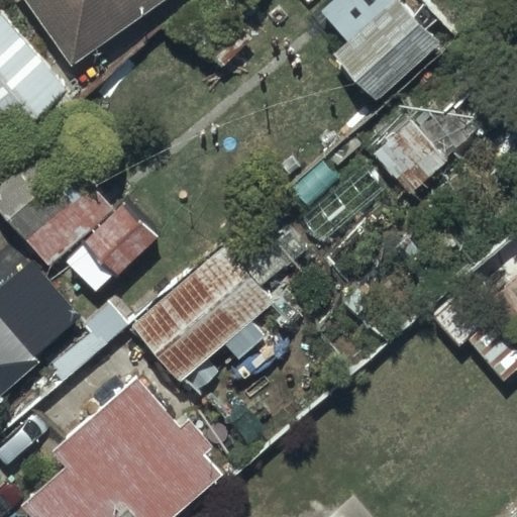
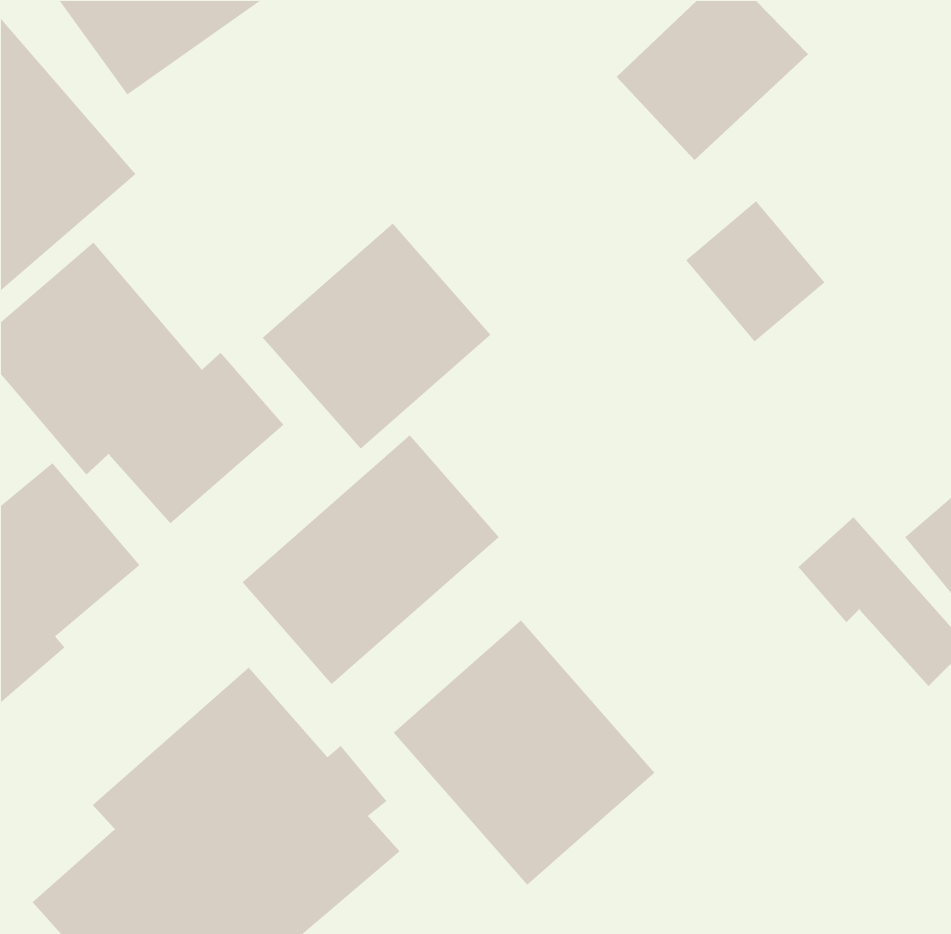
building: none -> [262,223,492,450]
building: none -> [393,620,656,886]

